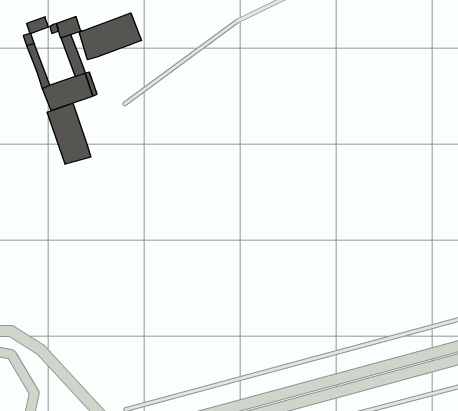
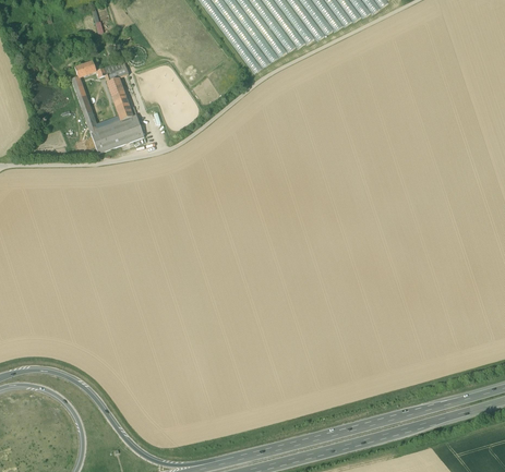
building: [79,13,141,60] -> none
building: [47,103,91,164] -> none

